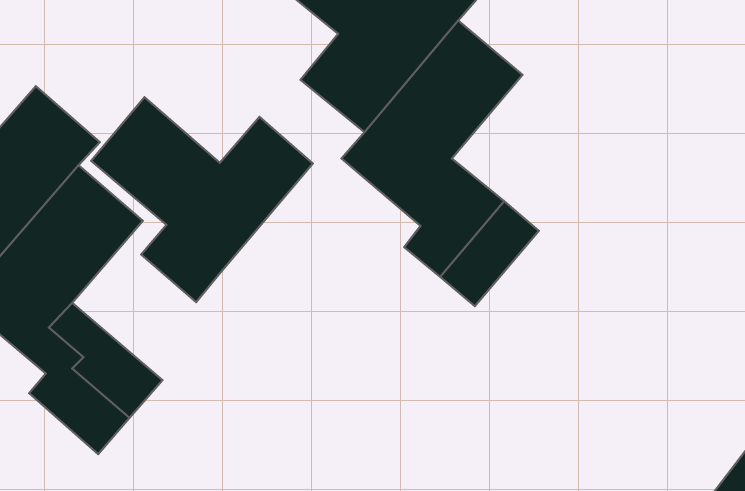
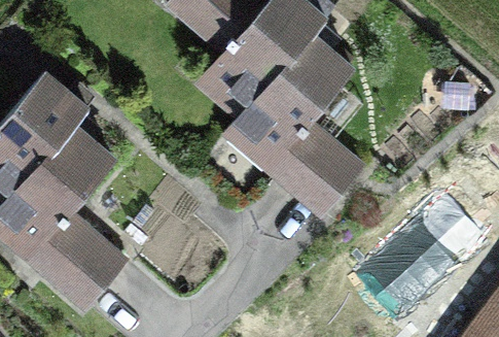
building: [91,97,313,302] -> none
building: none -> [372,198,479,303]

